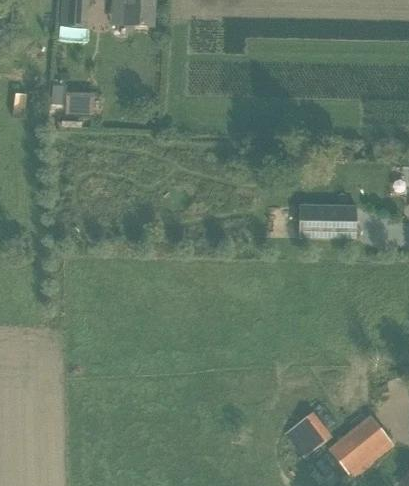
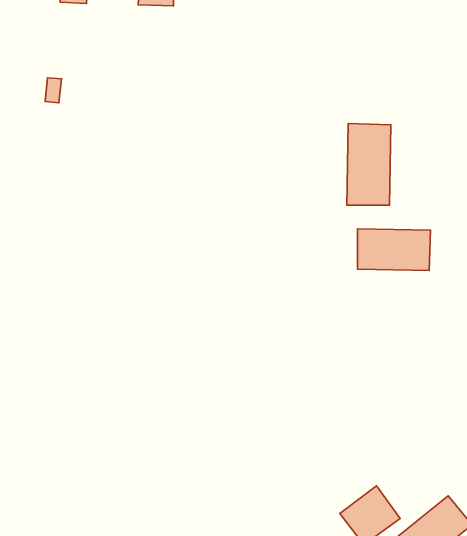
building: [67,90,95,113] -> none
building: none -> [347,123,391,205]

